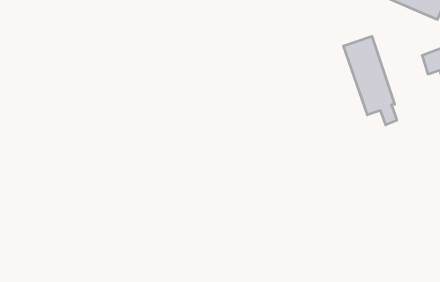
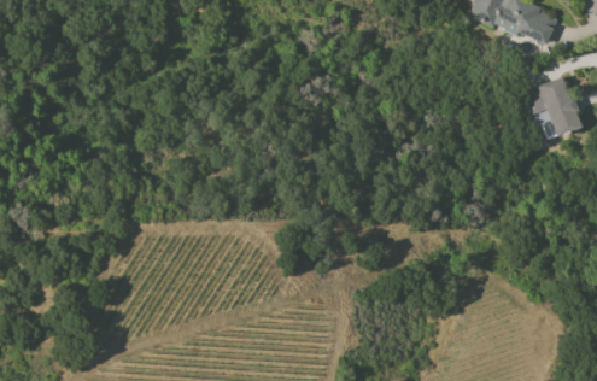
building: [343,36,397,125] -> none

